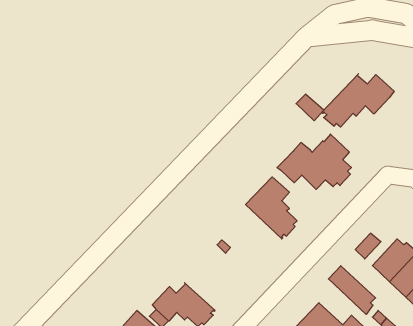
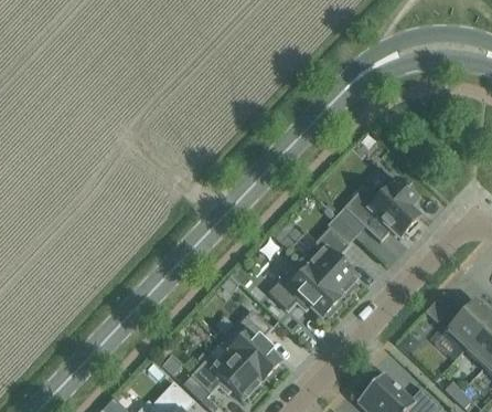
building: [322,74,394,127] -> none
building: none -> [267,258,340,318]
building: none -> [227,309,281,381]
building: [328,266,376,314] -> none

